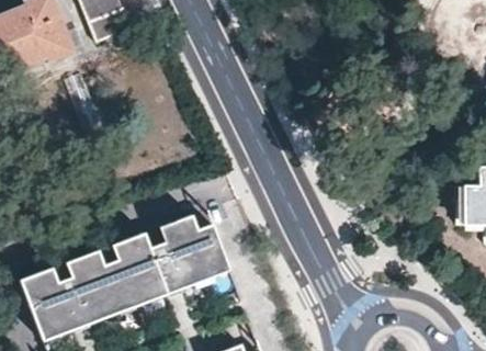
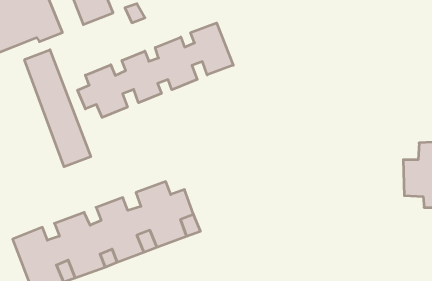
building: none -> [78,23,233,117]
building: none -> [25,50,91,167]

